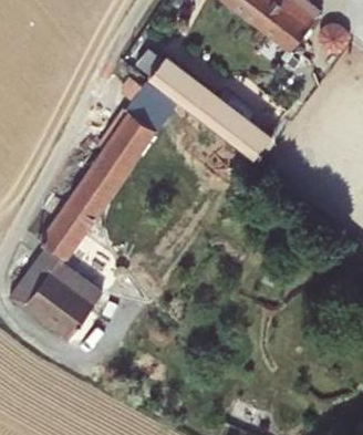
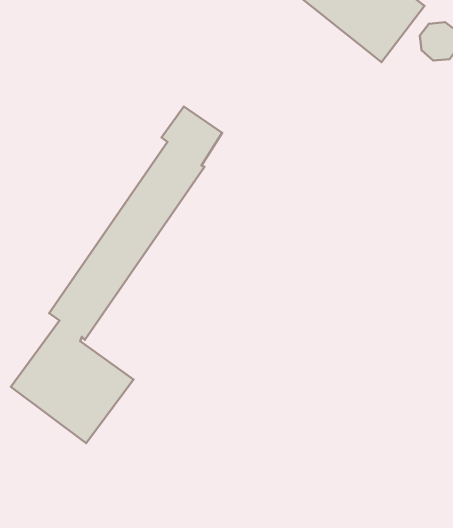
building: [134,46,269,155] -> none

